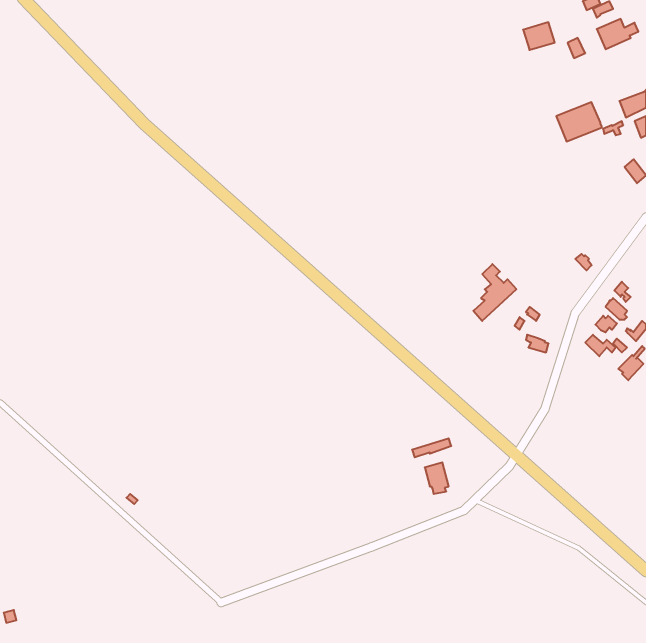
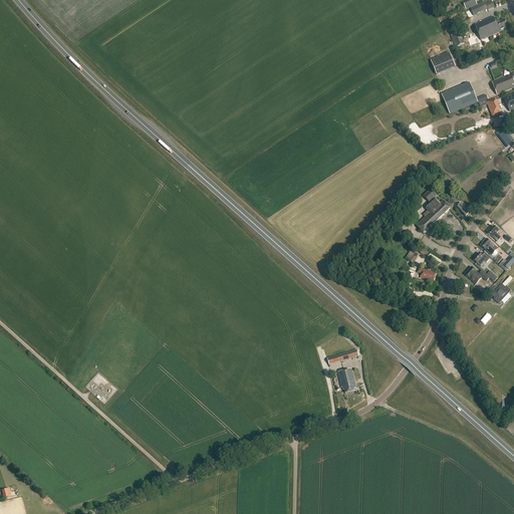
building: [523,22,555,50] -> [432,49,457,71]
building: [473,264,516,321] -> [417,187,451,232]

